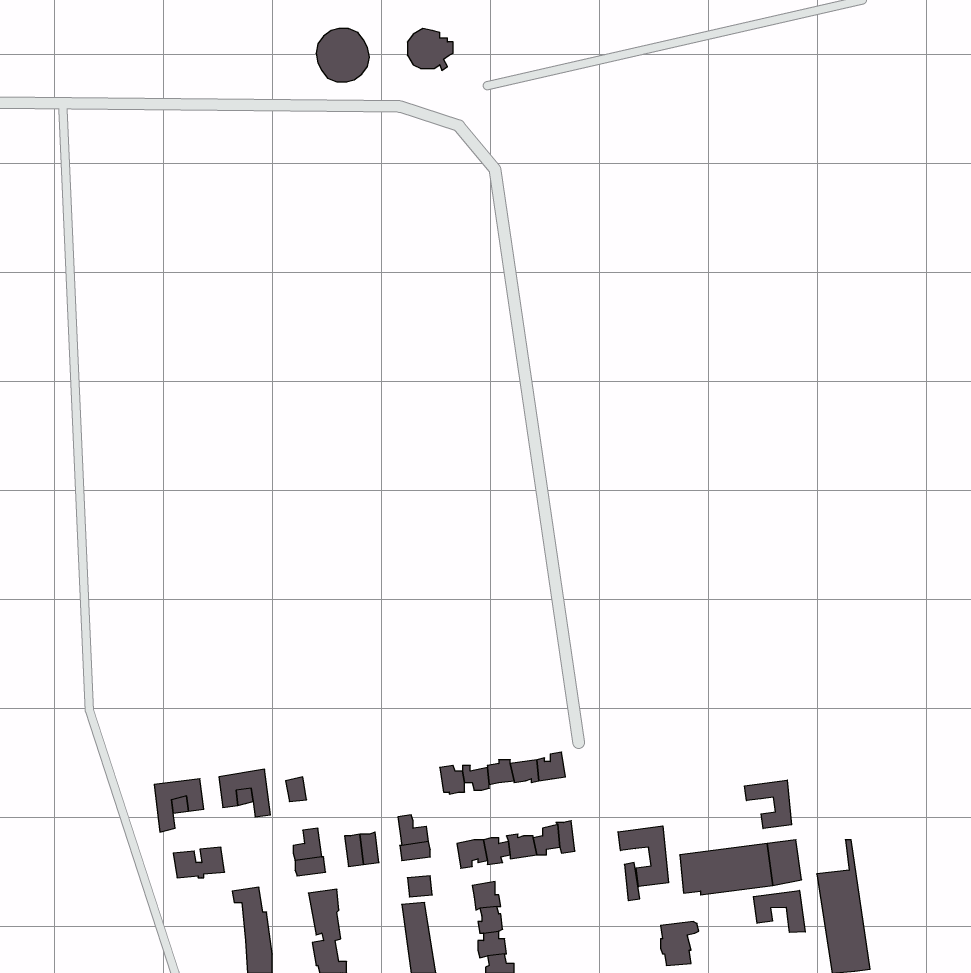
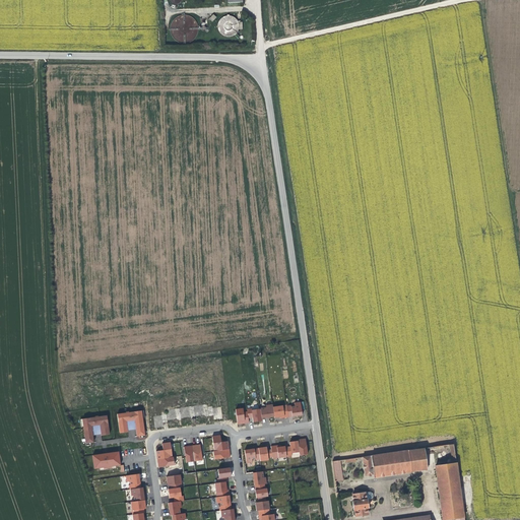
building: [745,780,792,829] -> none
building: [618,826,668,887] -> none
building: [753,890,805,932] -> none

